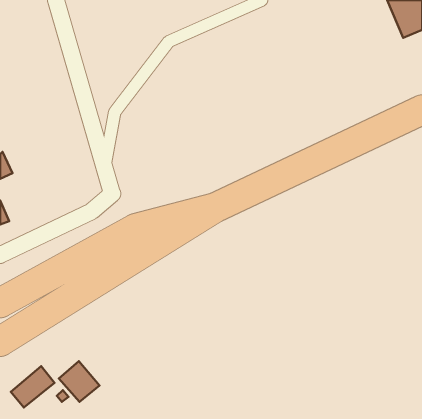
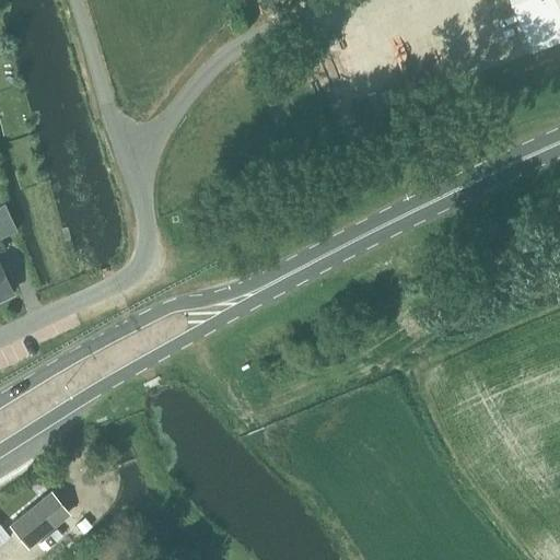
building: [59,361,99,402] -> none

